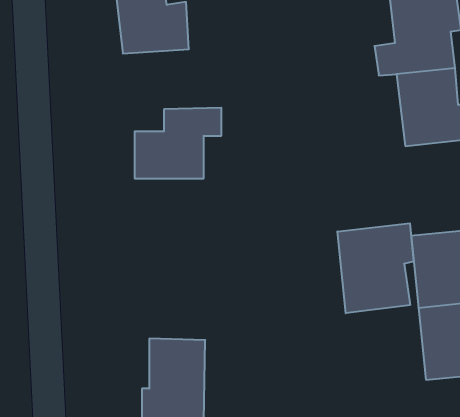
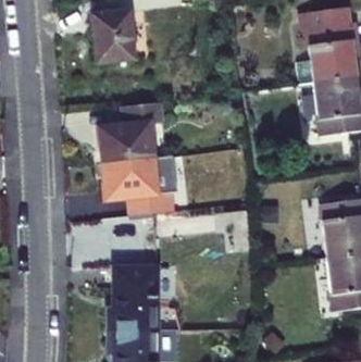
building: none -> [111,157,177,213]
building: [337,223,414,313] -> none

